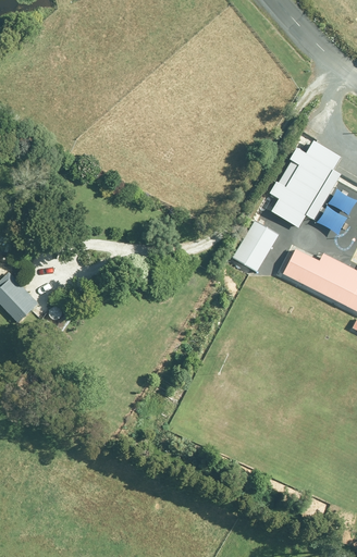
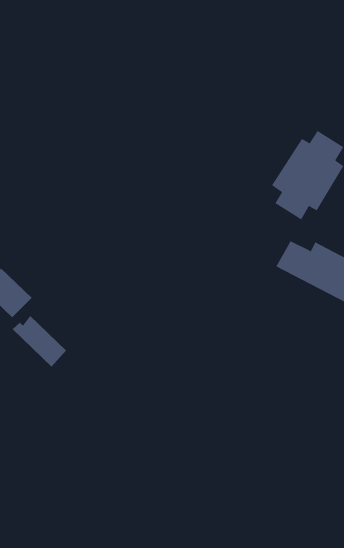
building: [232,222,278,271] -> none
building: none -> [12,315,67,367]

